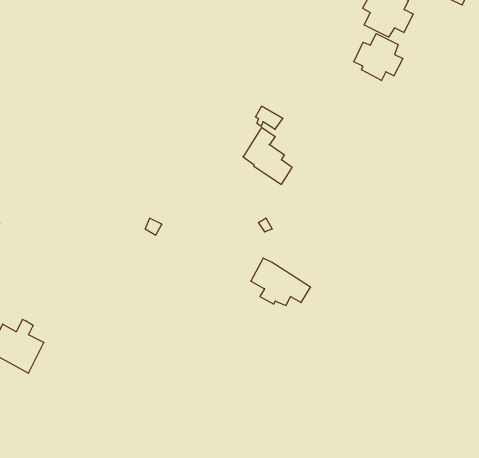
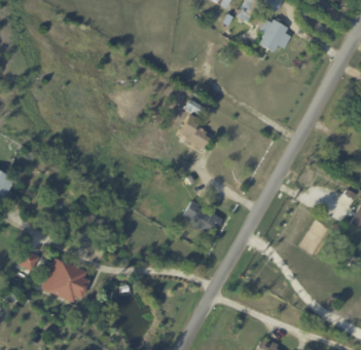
building: [354,34,403,81] -> none
building: none -> [50,263,86,301]

